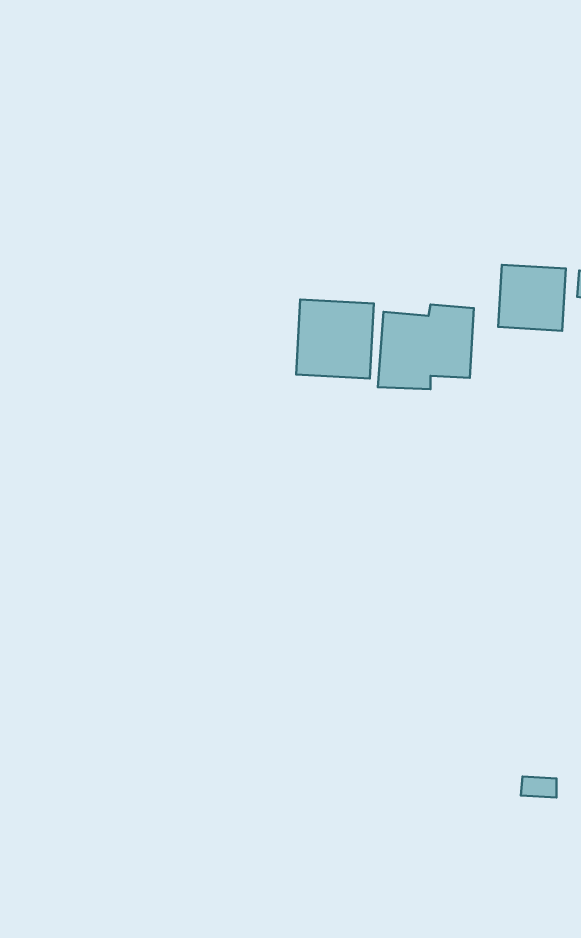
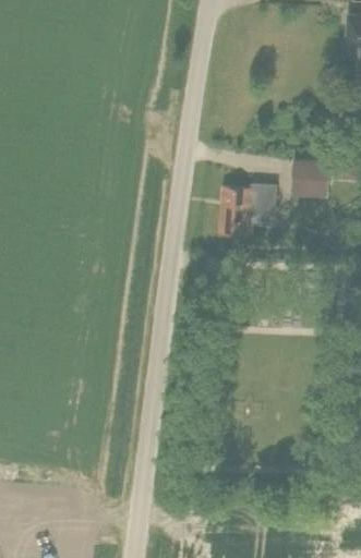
building: [296,300,374,378] -> none

